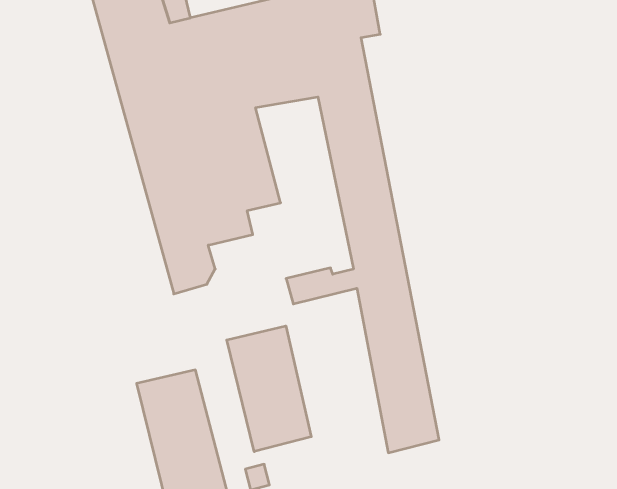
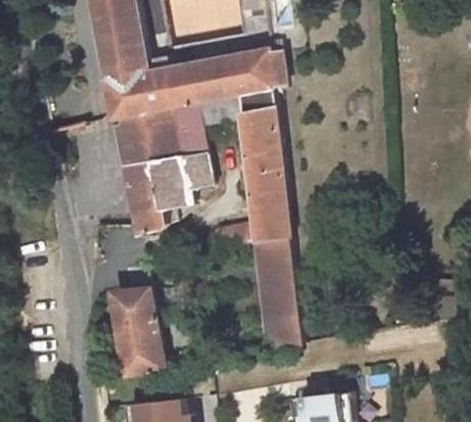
building: [227,326,311,452] -> none

